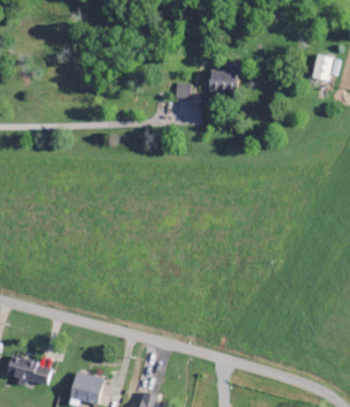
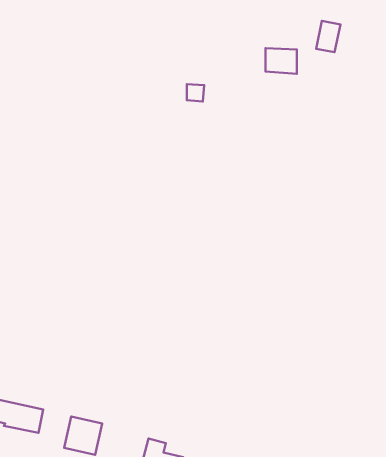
building: [312,54,333,81] -> [316,21,340,52]
building: [210,71,237,93] -> [265,48,297,74]

